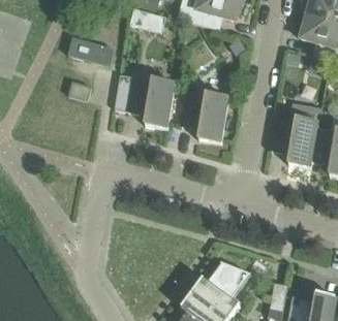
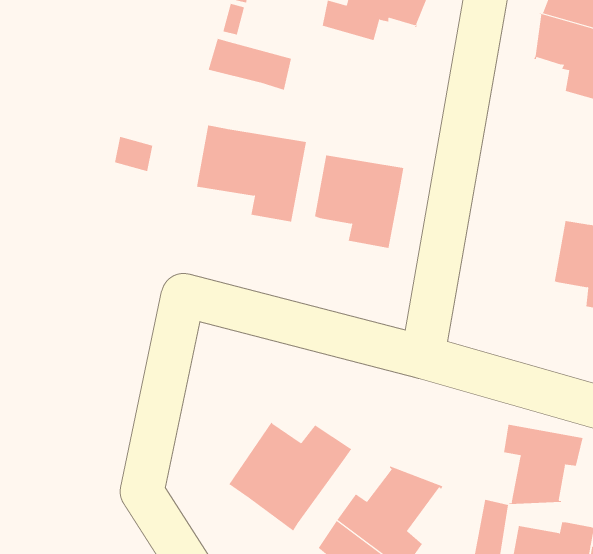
building: [68,37,115,66] -> [208,38,292,90]
building: [270,102,321,167] -> none
building: none -> [229,422,352,532]
building: none -> [504,424,583,505]

